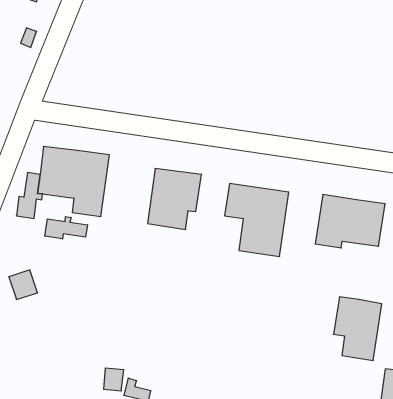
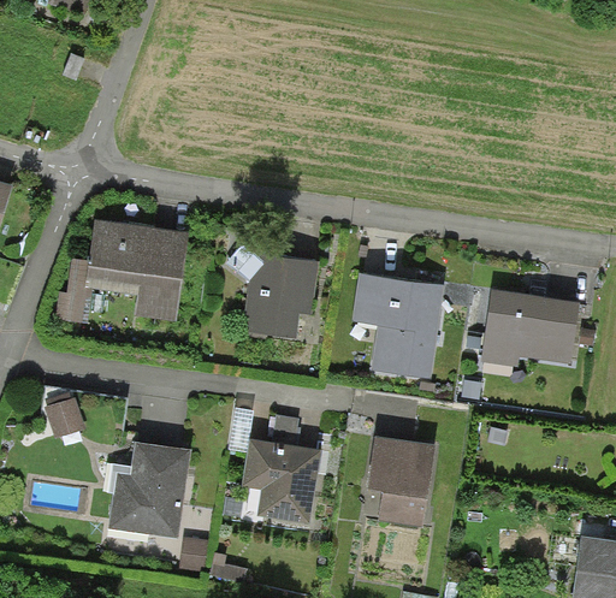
building: [45,217,87,239] -> none
building: [333,297,382,360] -> [366,436,434,526]
building: none -> [242,437,320,522]
building: none -> [107,440,190,538]

